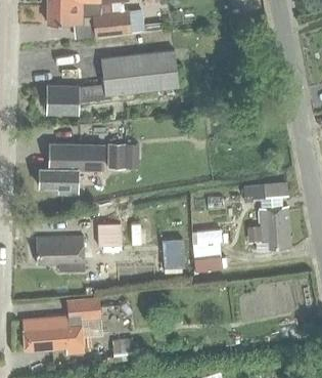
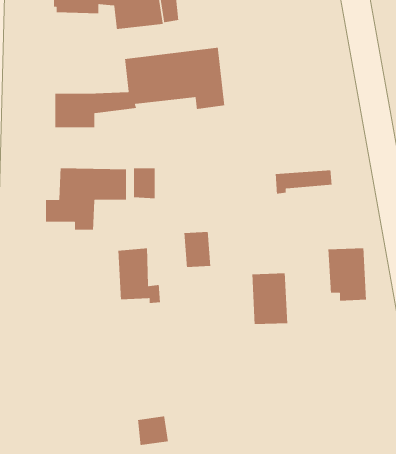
building: [243,183,288,203] -> [275,169,333,194]
building: [36,236,84,270] -> none
building: [163,240,184,268] -> [183,231,211,268]
building: [22,297,101,353] -> none

